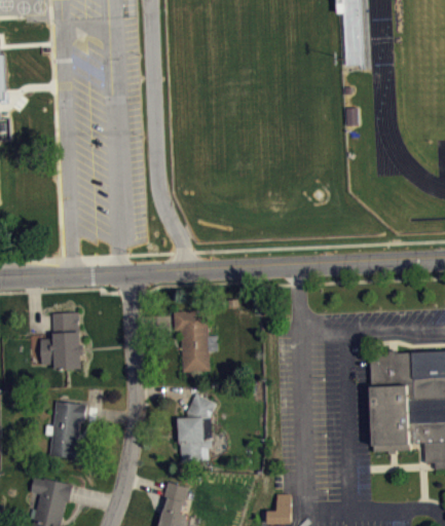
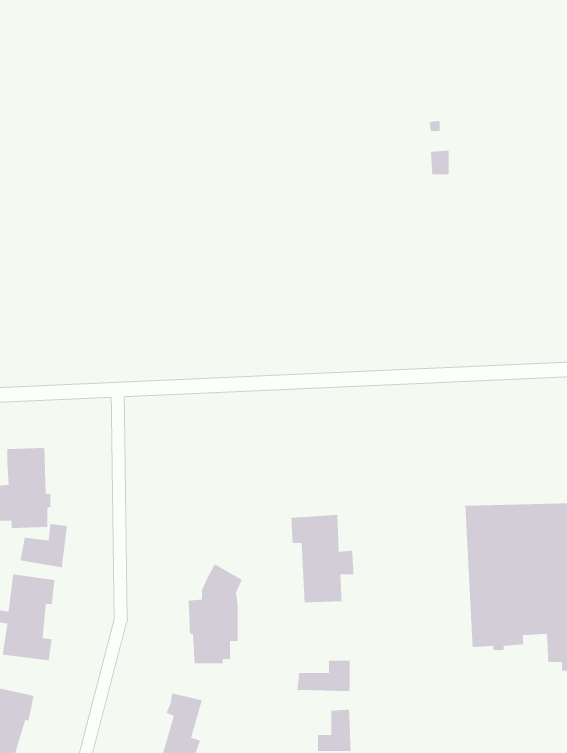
building: [173,311,217,373] -> [290,514,354,603]
building: none -> [20,523,68,568]
building: none -> [297,660,350,692]

